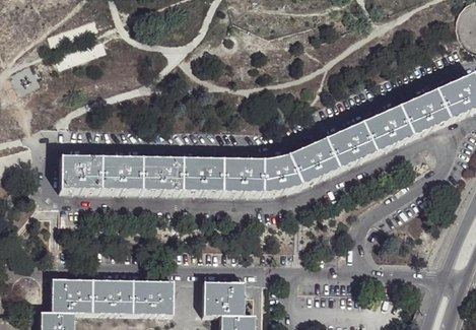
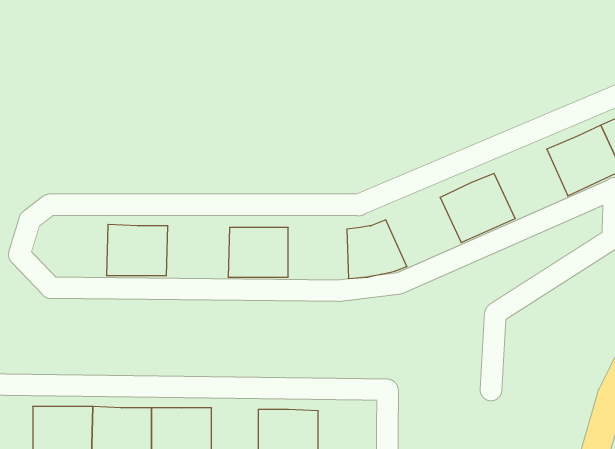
building: [364,105,414,151] -> none
building: [291,137,342,184] -> none
building: [62,154,104,190] -> none
building: [143,156,186,191] -> none
building: [225,157,266,192] -> none

